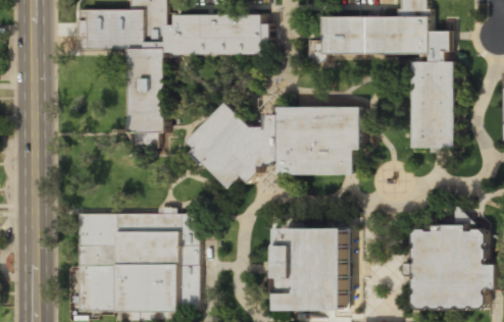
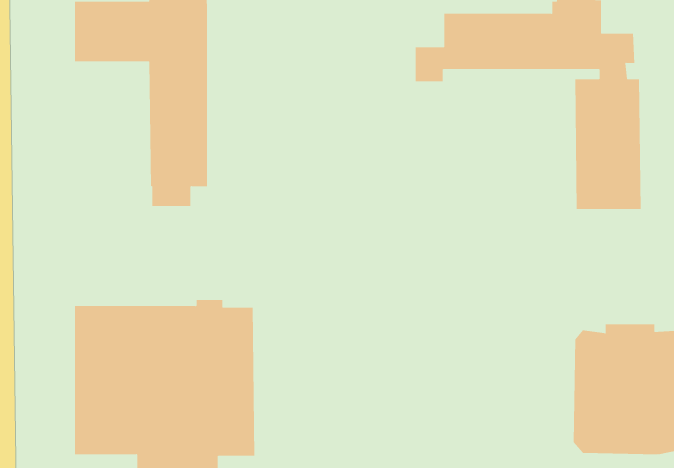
building: [164,12,269,54] -> none
building: [182,103,360,186] -> none
building: [272,224,354,311] -> none

